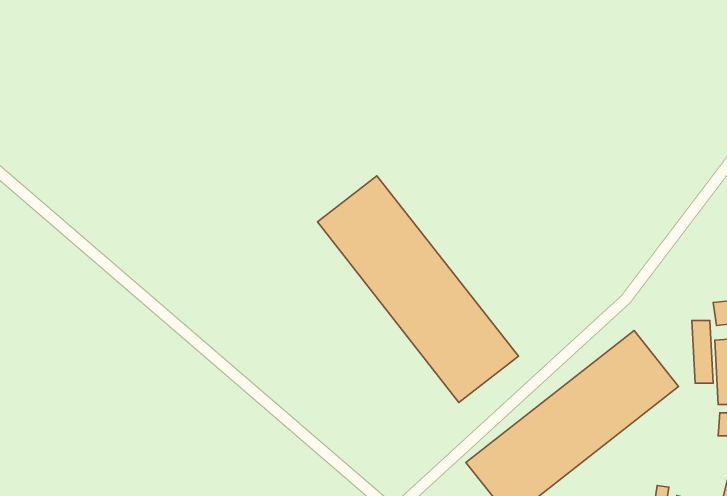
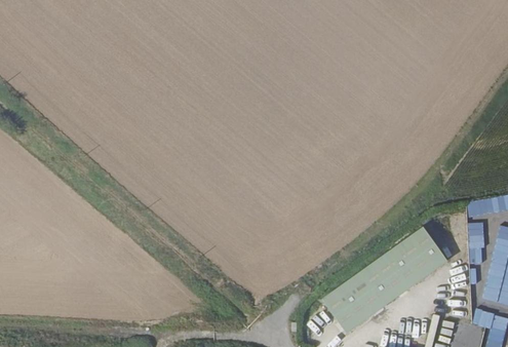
building: [317,176,518,402] -> none

